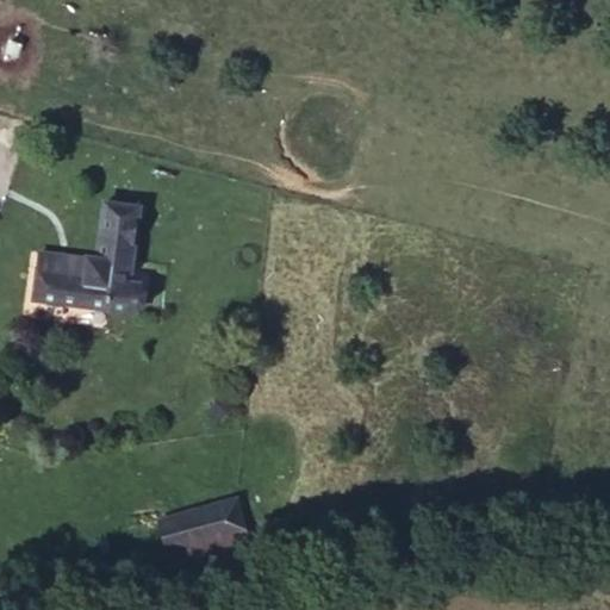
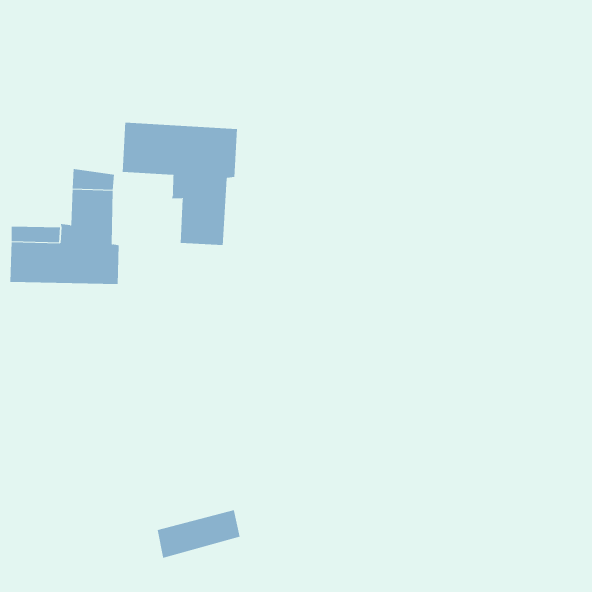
building: none -> [122,122,237,246]
building: [170,494,253,547] -> none

